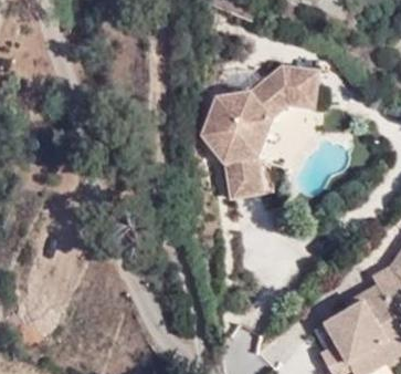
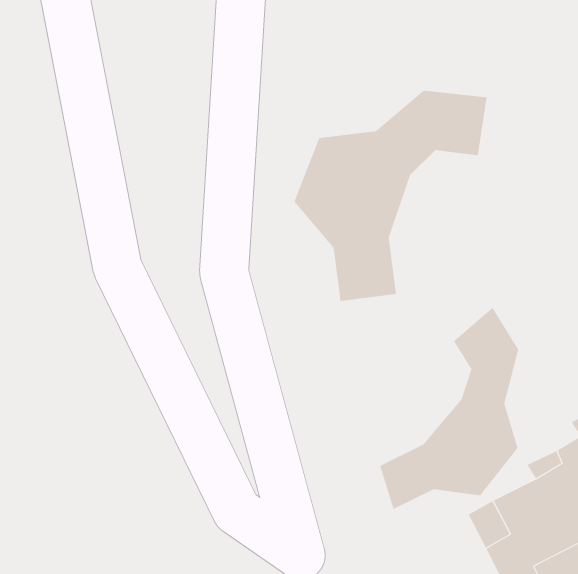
building: none -> [380,307,519,510]

